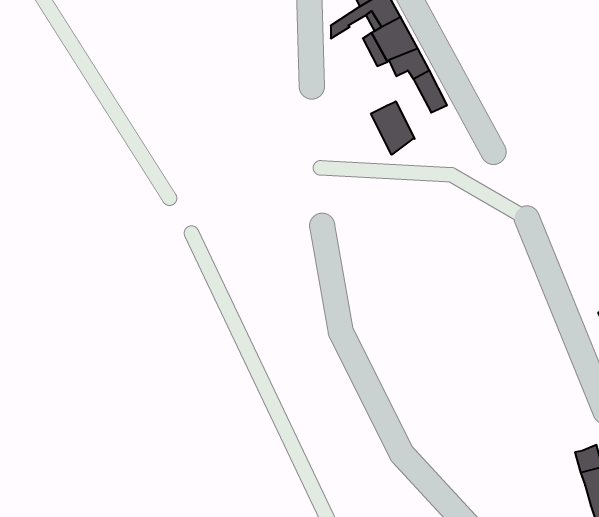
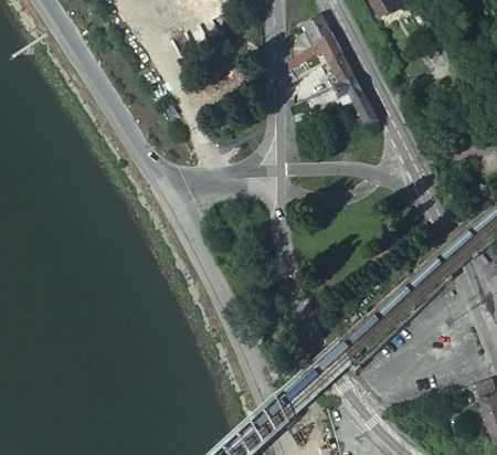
building: [371,101,415,155] -> none

